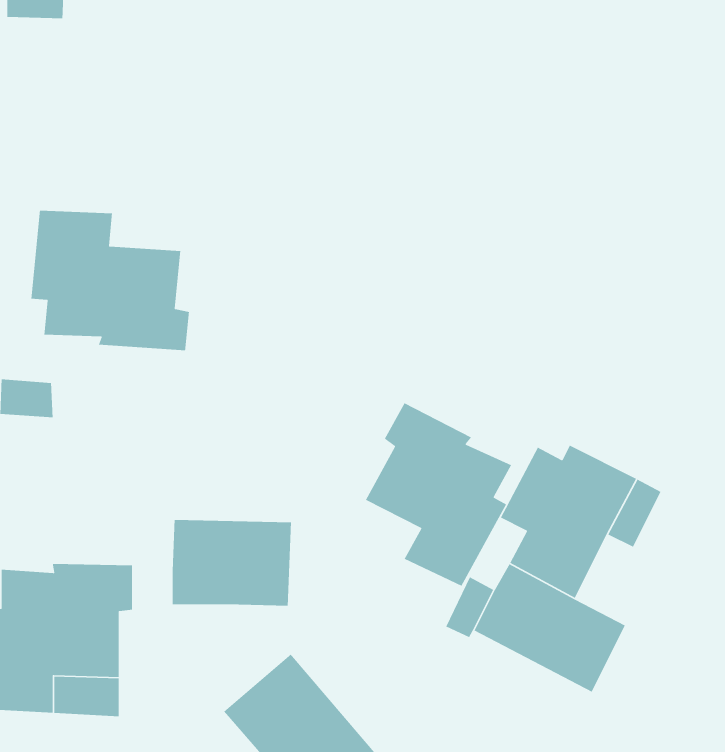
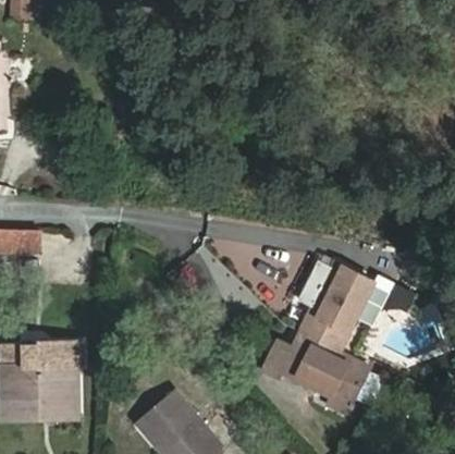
building: [31,210,190,351] -> none
building: [365,402,512,587] -> none
building: [172,519,292,606] -> none

